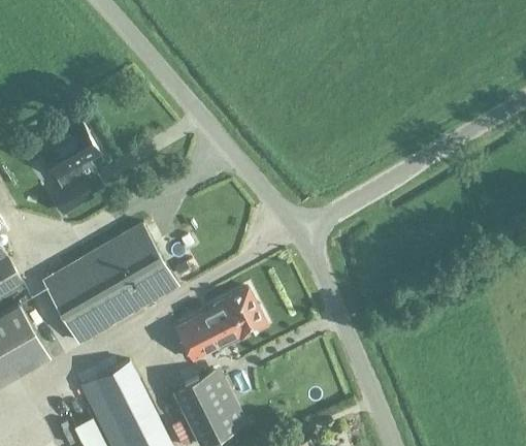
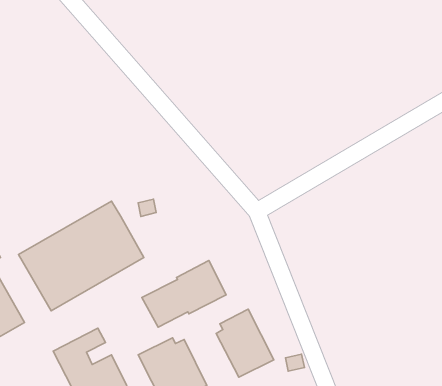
building: [39,123,103,214] -> none
building: none -> [216,309,274,377]

